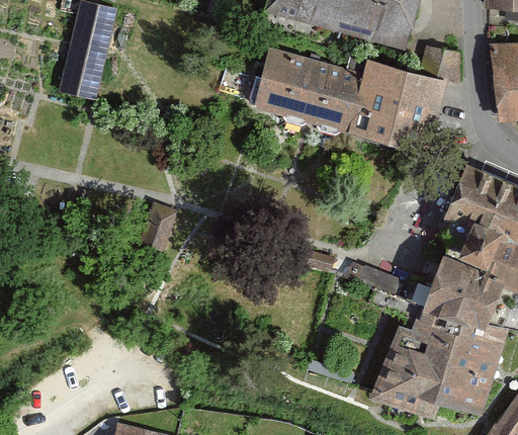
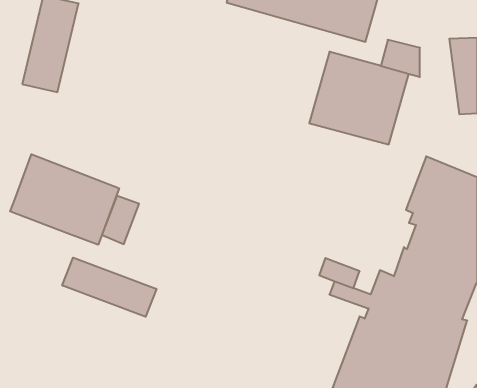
building: [256,49,364,130] -> none
building: none -> [10,154,119,245]
building: none -> [62,258,156,317]

